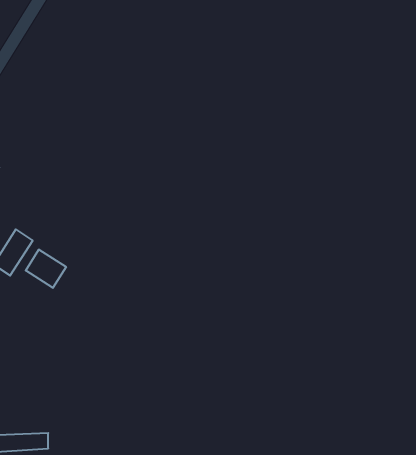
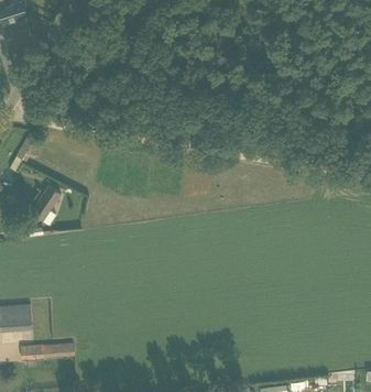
building: [26,249,66,288] -> none

